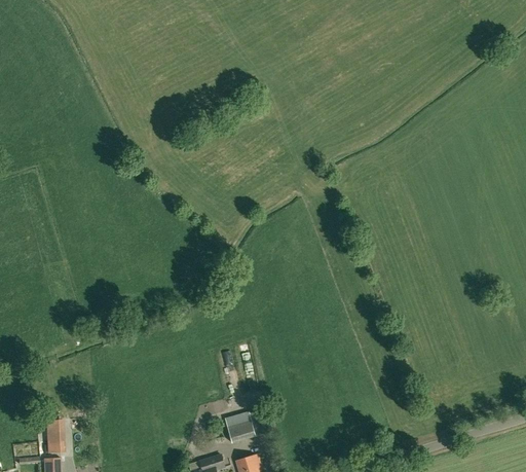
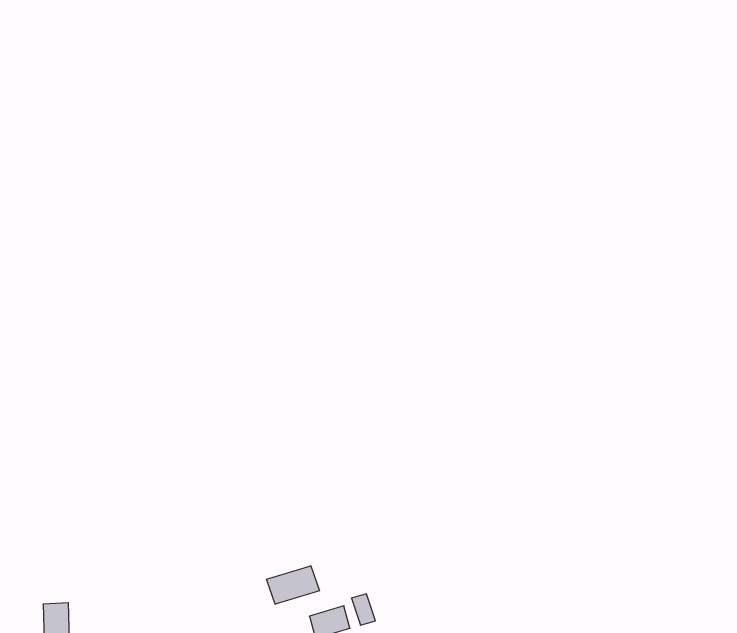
building: none -> [266,566,320,604]

